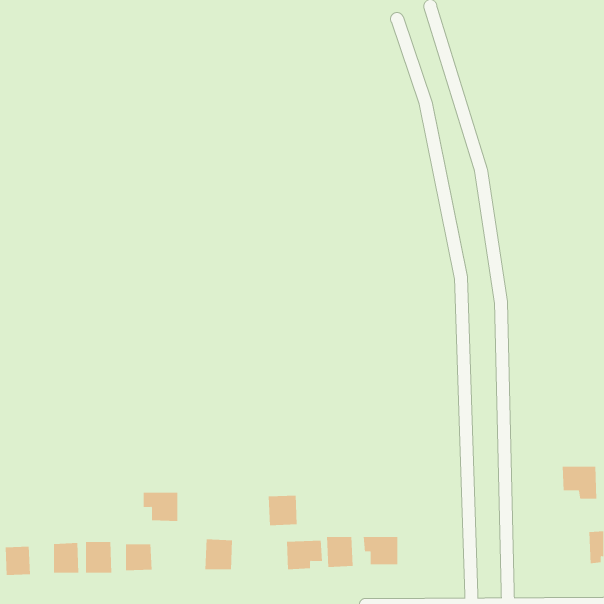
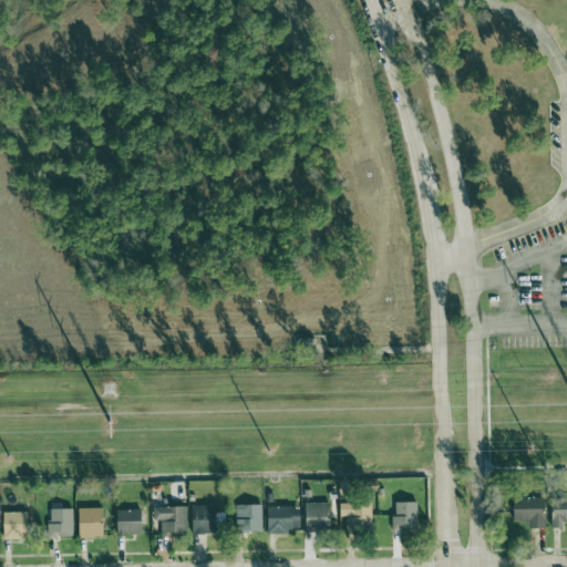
building: [562,466,597,499] -> [514,497,547,528]
building: [143,492,178,522] -> [154,506,187,534]
building: [268,495,298,526] -> [236,504,264,533]
building: none -> [394,502,419,532]

